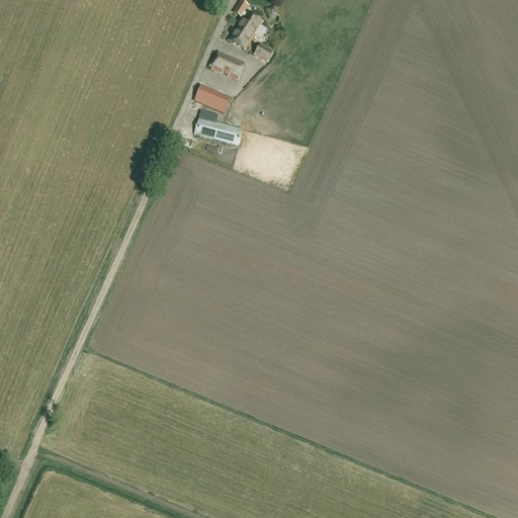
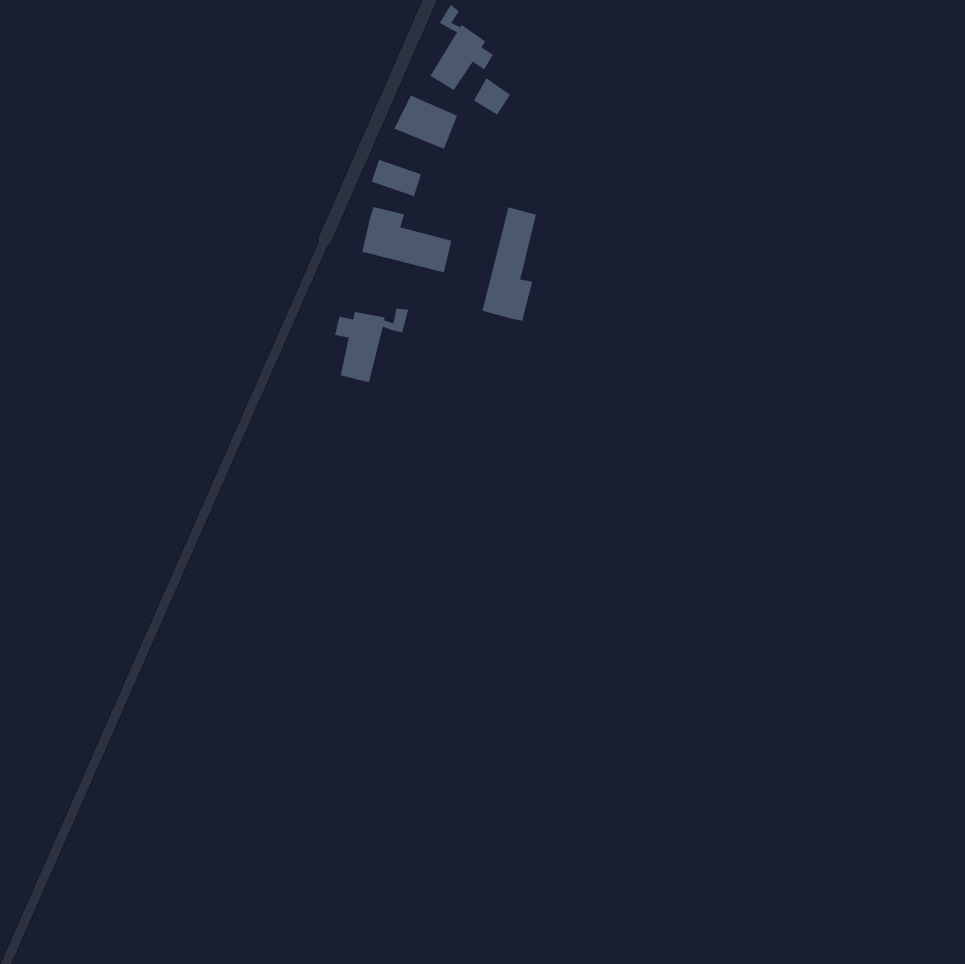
building: none -> [482,206,537,321]
building: none -> [334,308,409,383]

